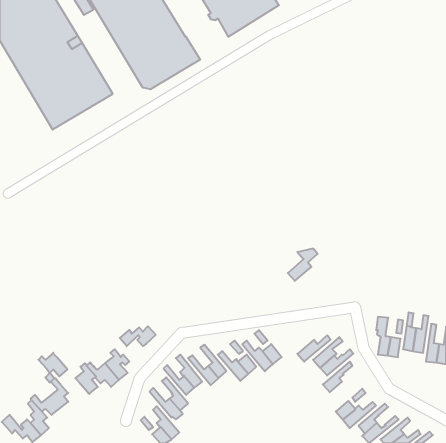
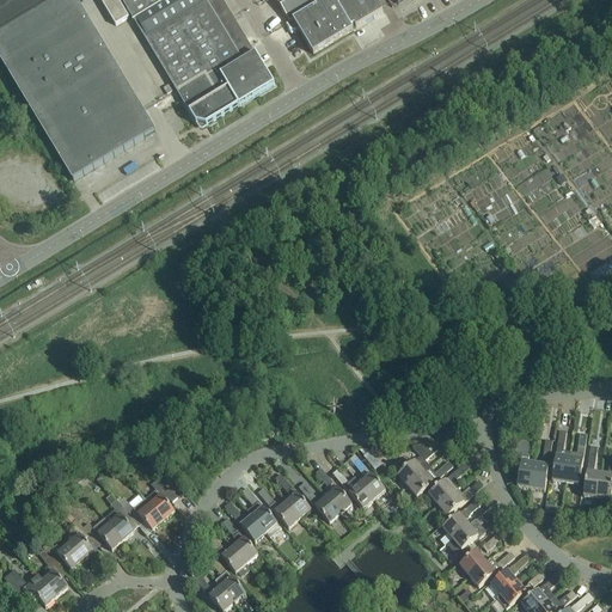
building: [288,249,318,281] -> [397,439,437,483]
building: [120,326,156,346] -> none
building: [38,353,67,376] -> [82,515,122,547]
building: none -> [451,510,497,547]

